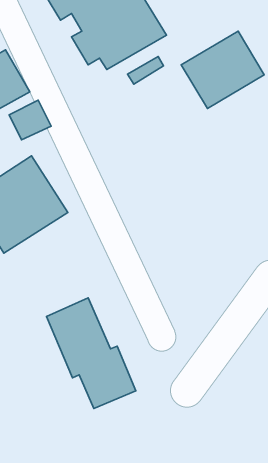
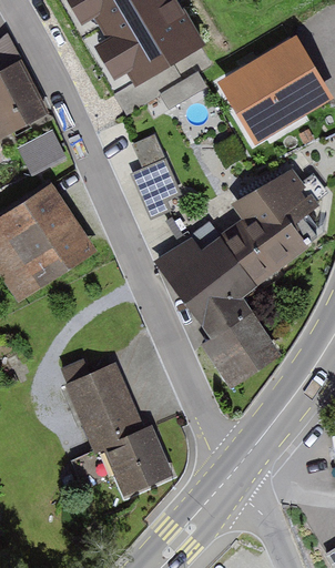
building: none -> [133,133,179,214]
building: none -> [159,172,317,373]

